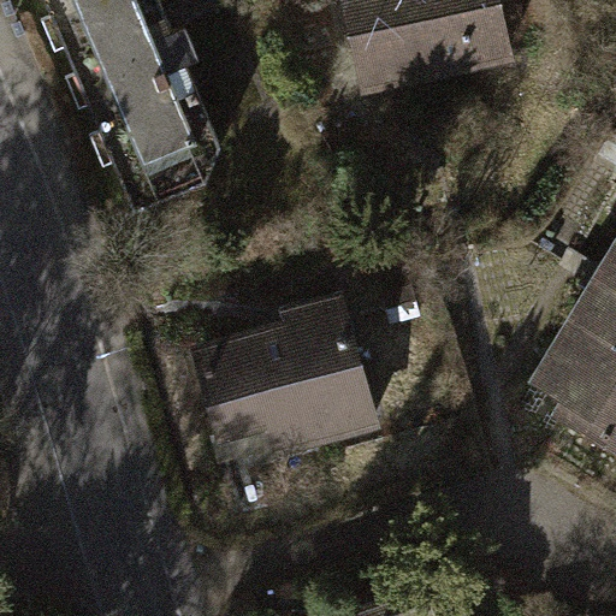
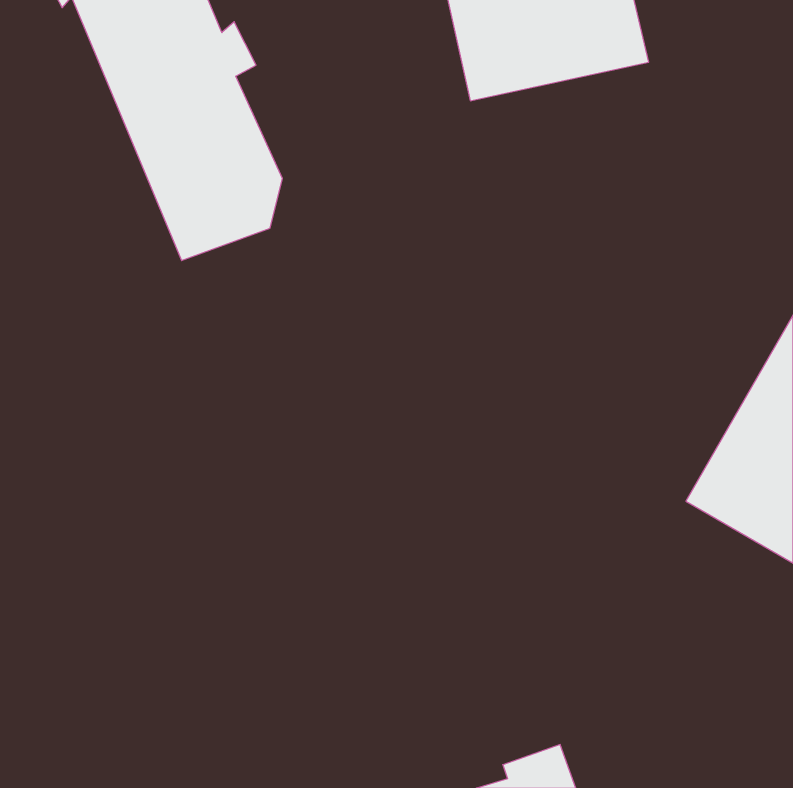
building: [199,298,369,451] -> none

